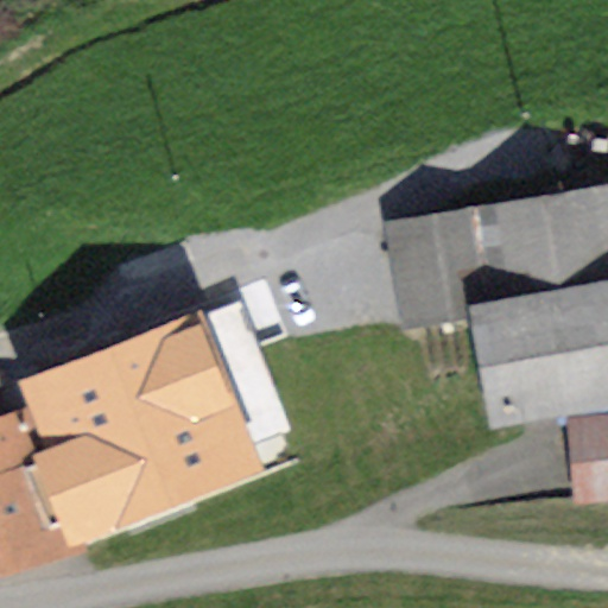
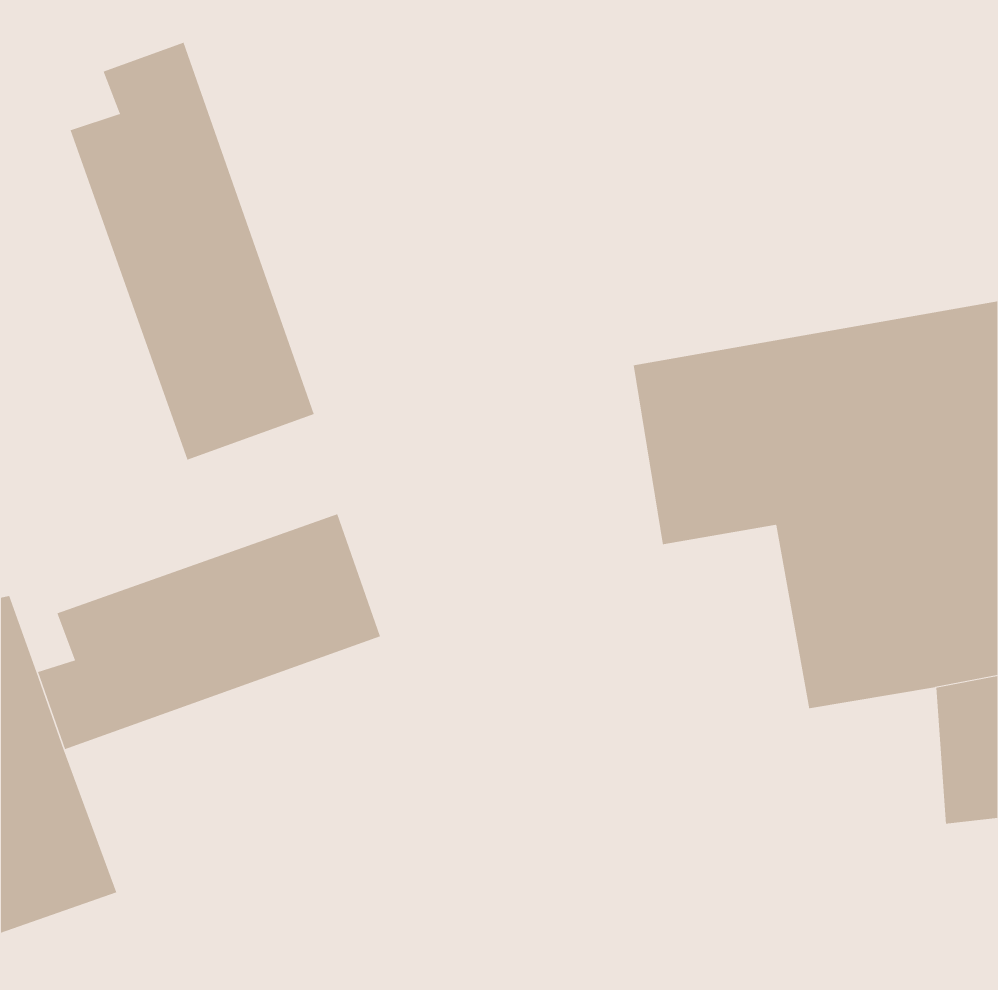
building: none -> [70,42,314,460]
building: [39,387,264,543] -> none

